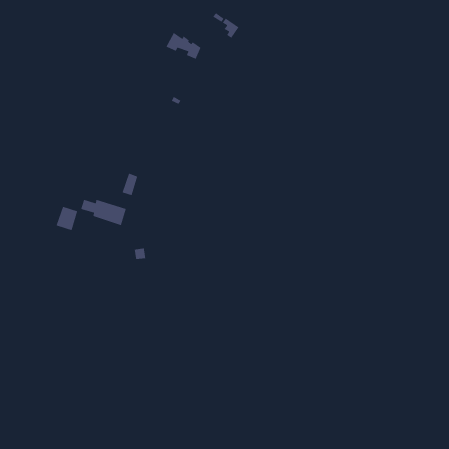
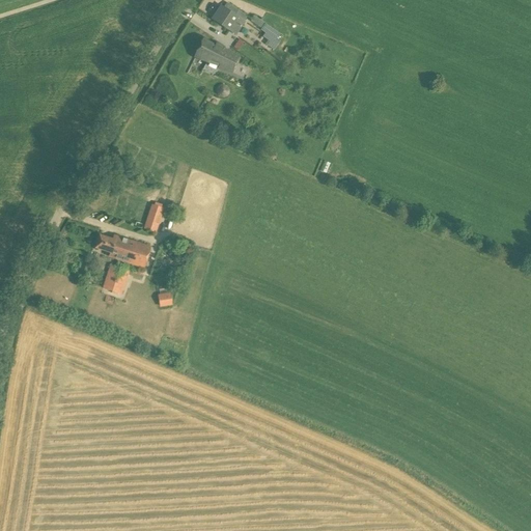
building: none -> [213,4,245,33]
building: [55,206,78,231] -> [103,263,130,294]

